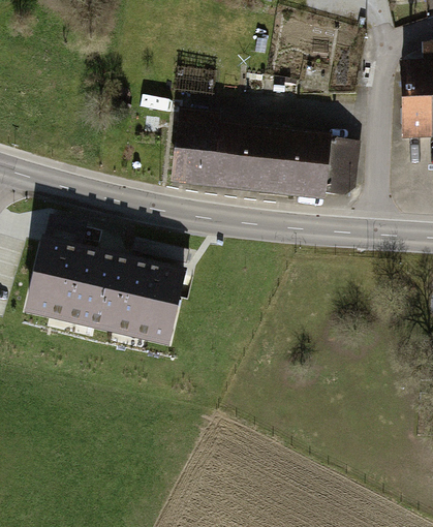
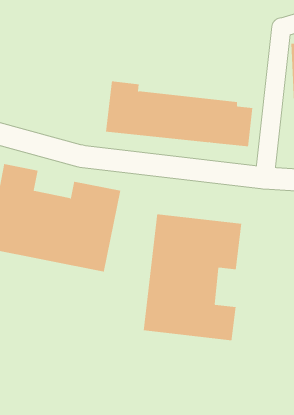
building: none -> [143,214,242,341]

